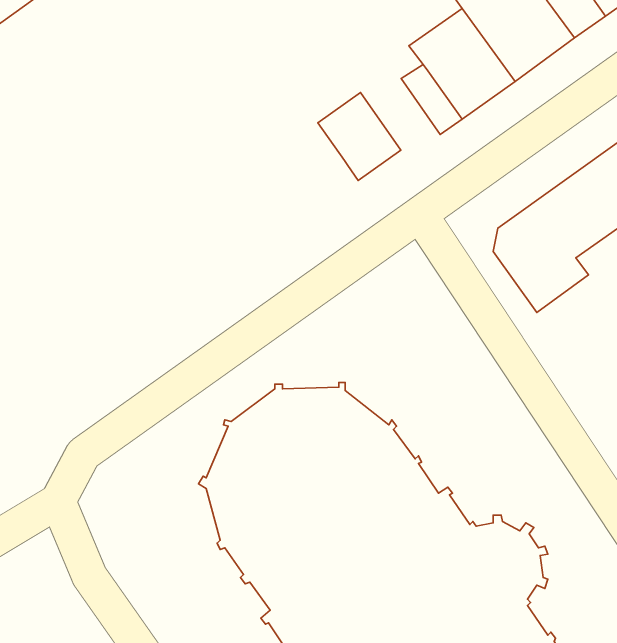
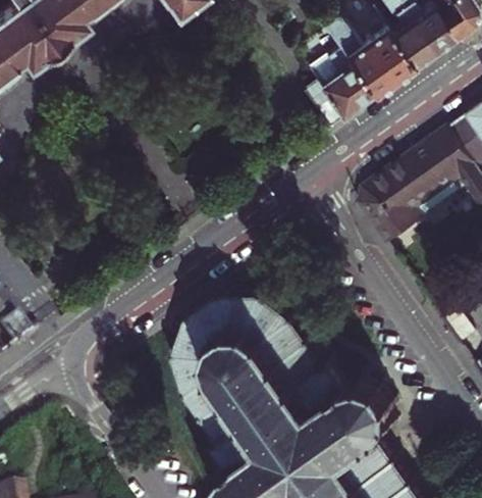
building: [318,92,401,181] -> none

